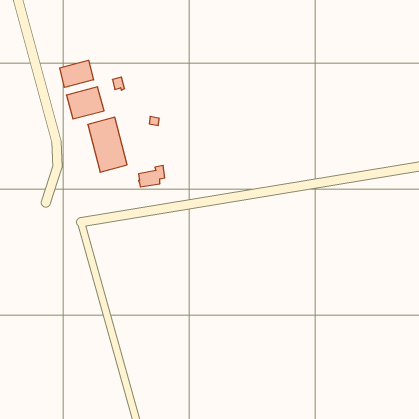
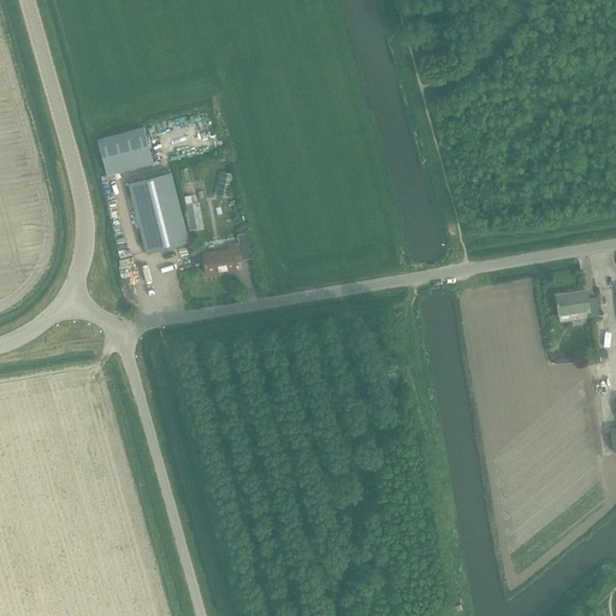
building: [60,60,94,87] -> none
building: none -> [555,291,597,316]

